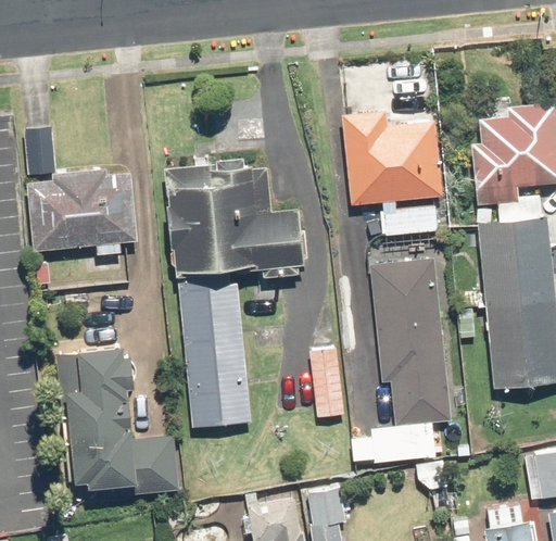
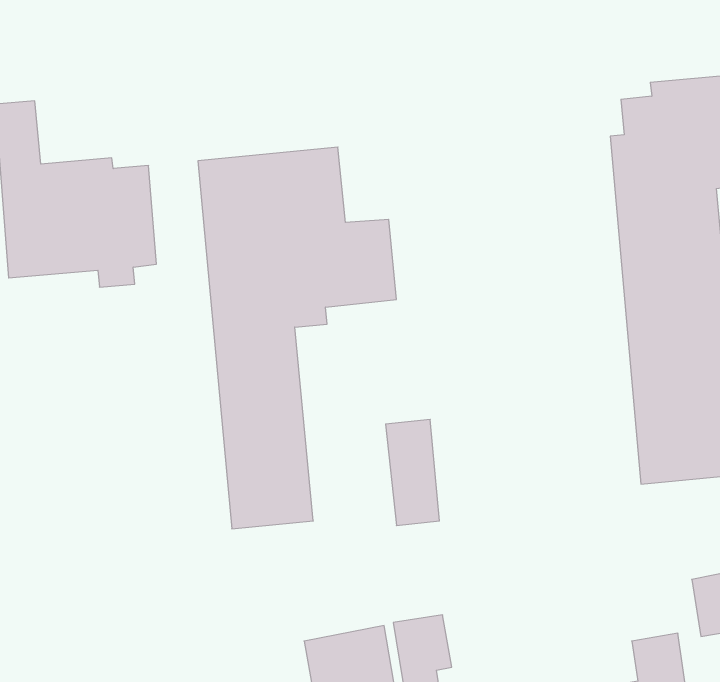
building: [336,114,438,242] -> none
building: [367,260,445,468] -> none
building: [78,342,186,494] -> none

